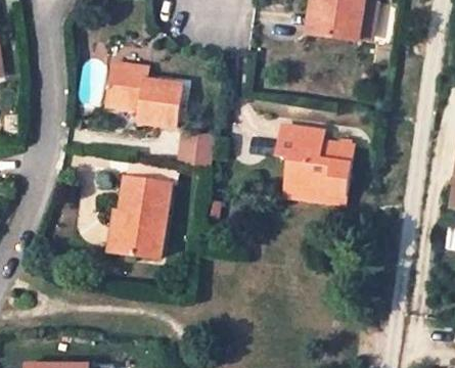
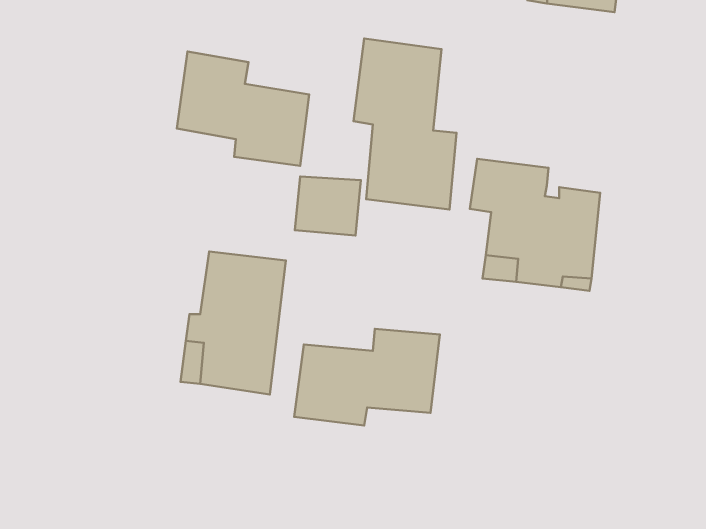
building: none -> [354,38,457,209]
building: none -> [294,329,440,426]

